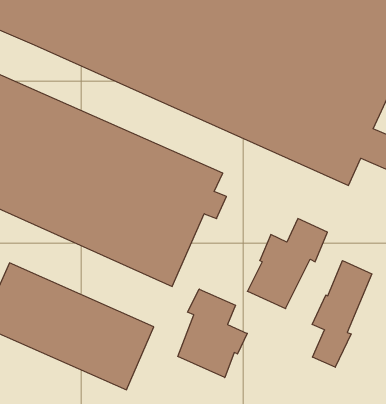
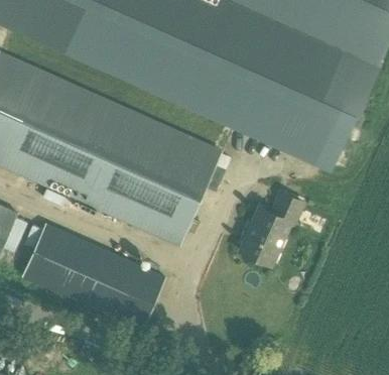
building: [312,261,372,367] -> none
building: [178,289,247,378] -> none

